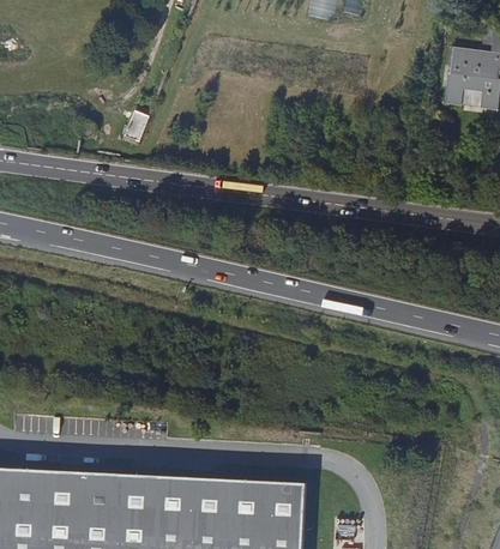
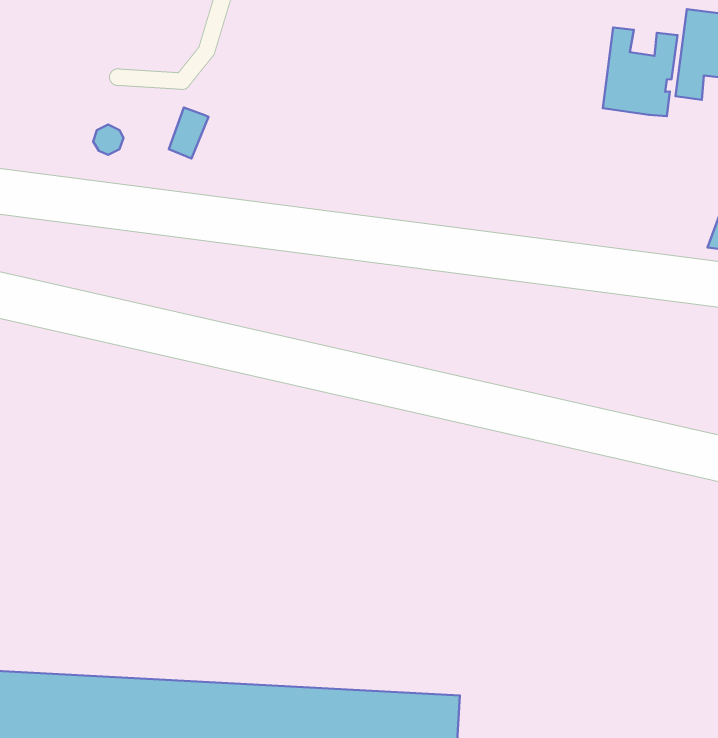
building: none -> [603,27,677,116]

